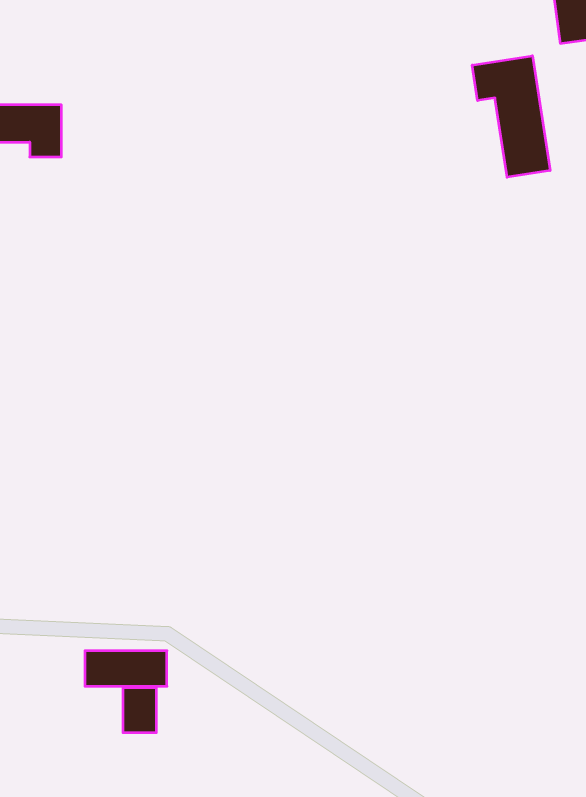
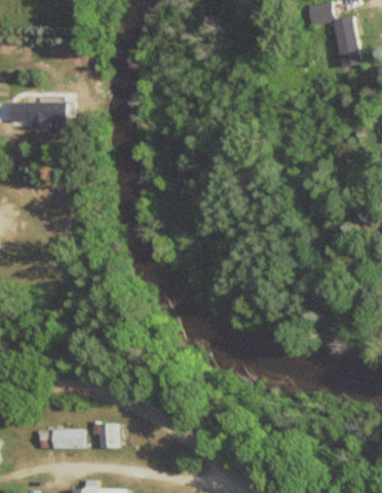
building: [472,56,550,177] -> none
building: [85,651,167,686] -> [39,429,84,449]

